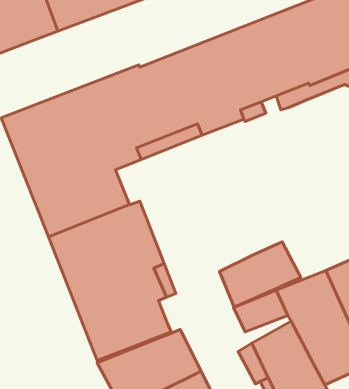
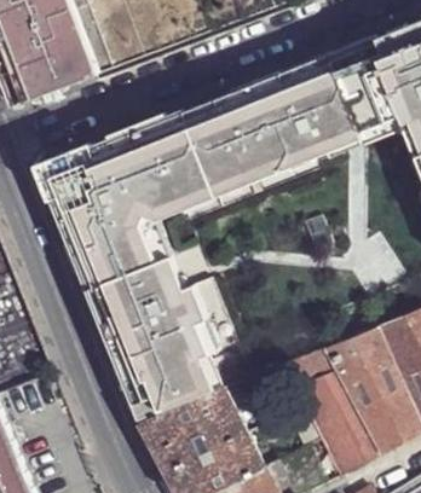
building: [220,242,301,307] -> none

